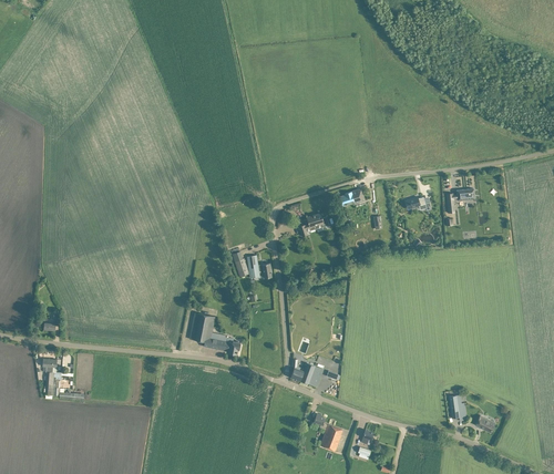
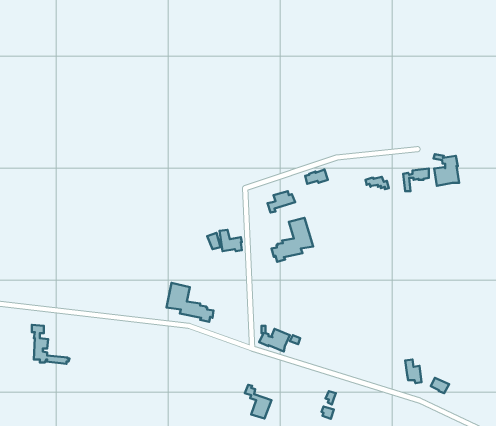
building: none -> [433,154,459,186]
building: none -> [272,218,313,262]
building: [314,413,342,450] -> [245,385,271,419]

